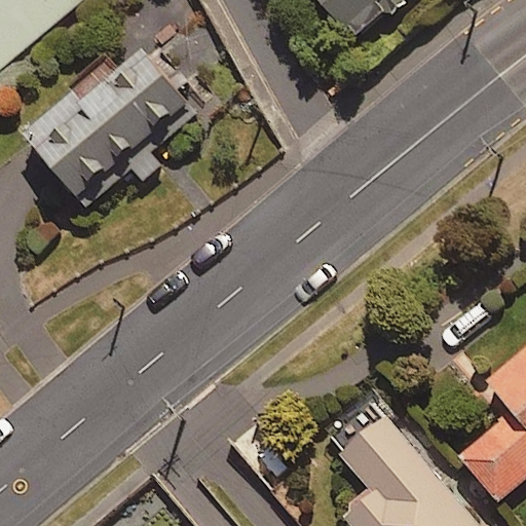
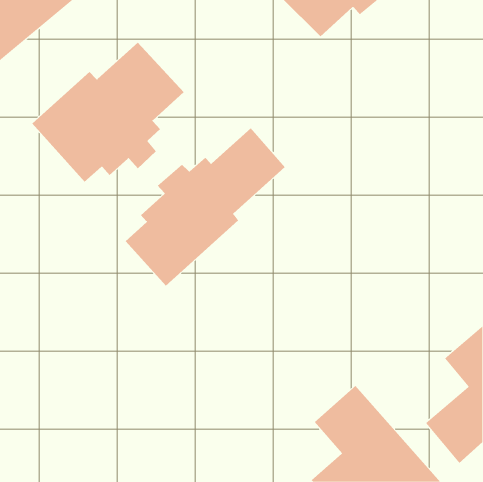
building: none -> [125,128,285,286]

